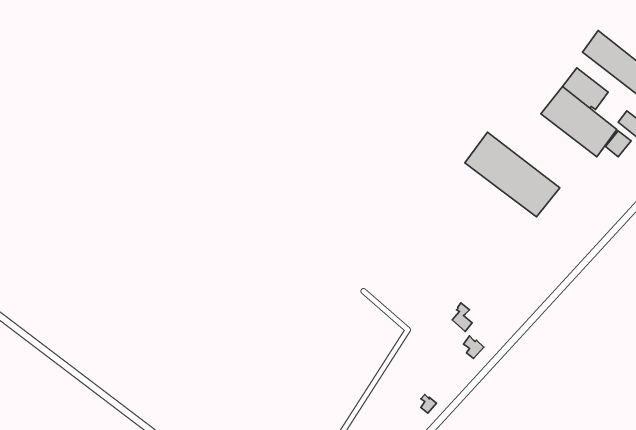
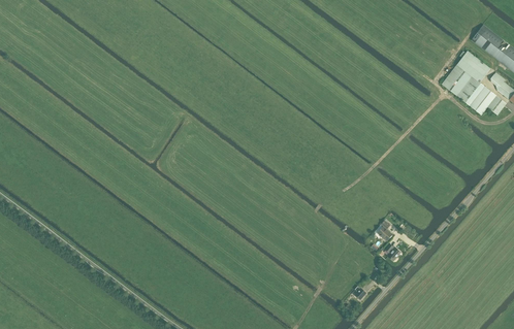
building: [465,132,560,217] -> none

